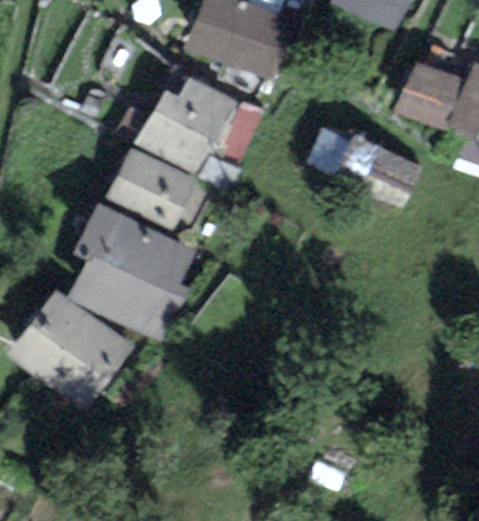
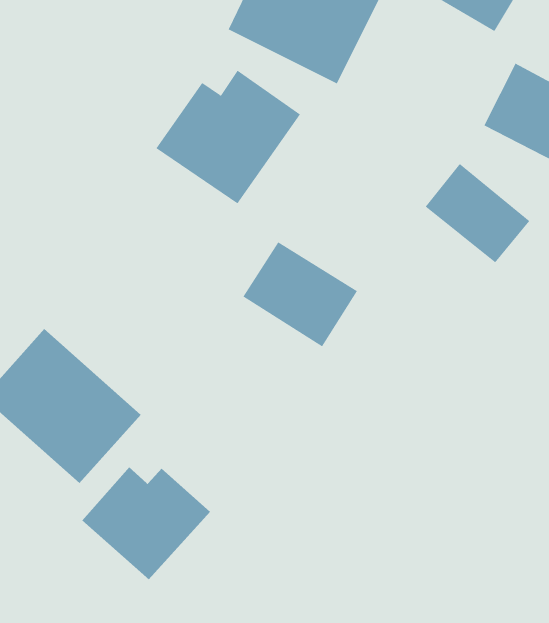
building: [107,144,197,226] -> [243,242,358,347]
building: [66,196,198,344] -> none
building: none -> [81,466,211,580]

